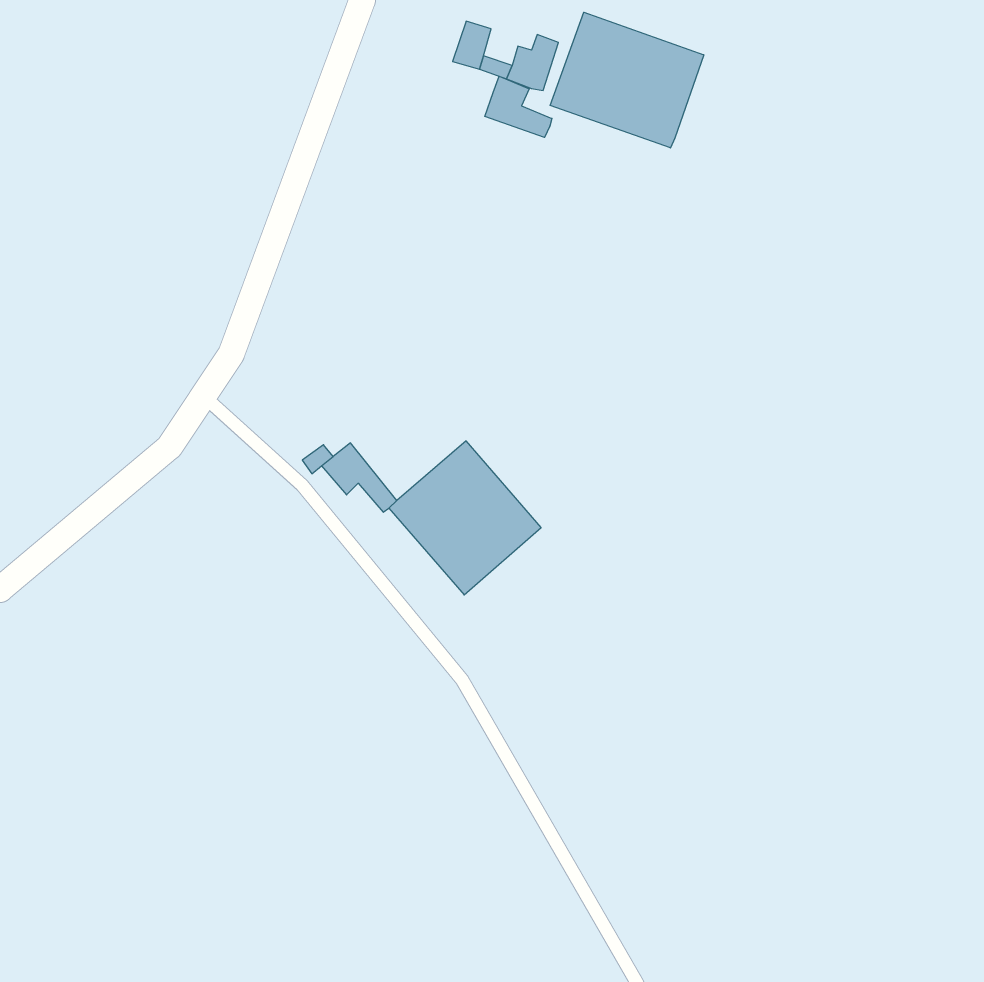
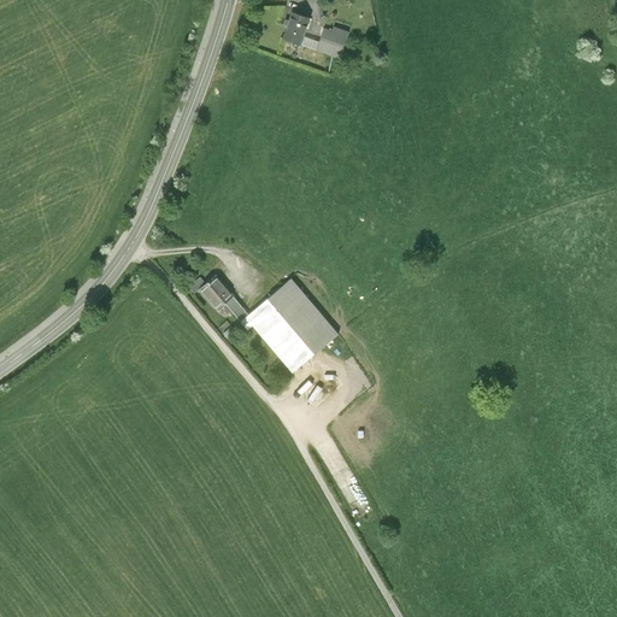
building: [550,12,704,148] -> none
building: [485,76,552,137] -> none

